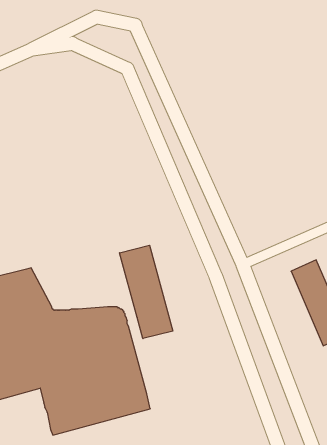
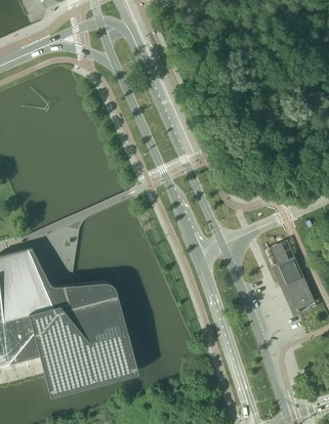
building: [120,245,173,339] -> none

